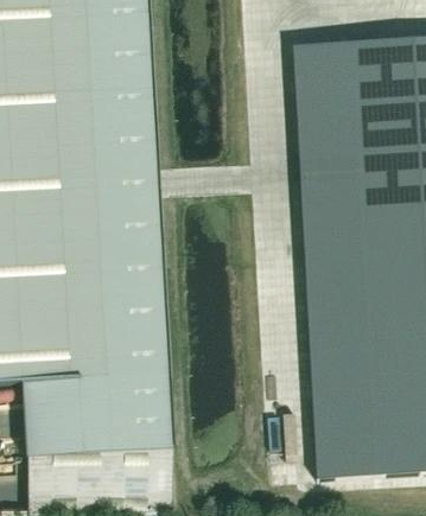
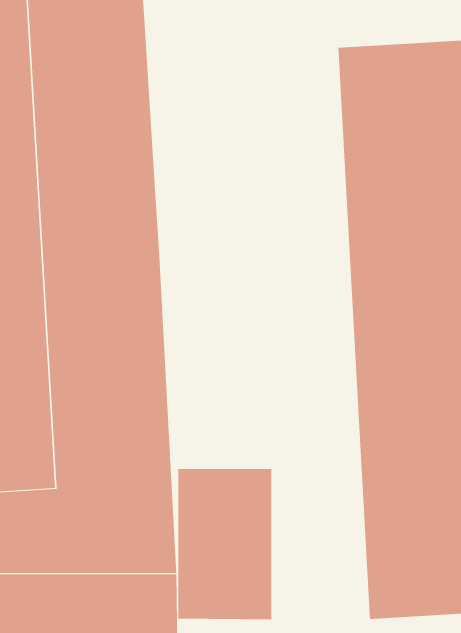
building: none -> [178,468,272,620]

